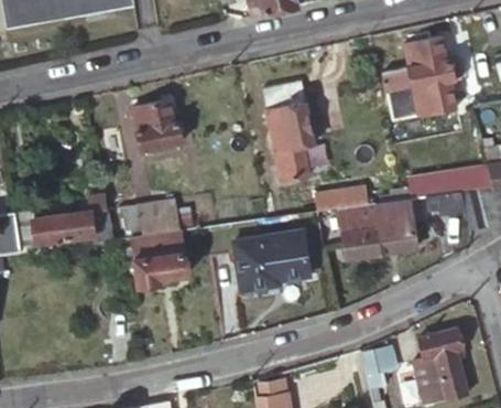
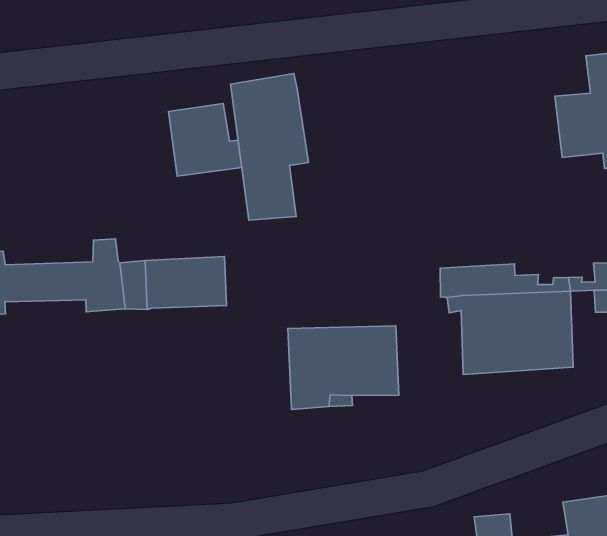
building: [263,80,319,180] -> [231,74,308,220]
building: [137,230,194,287] -> none

